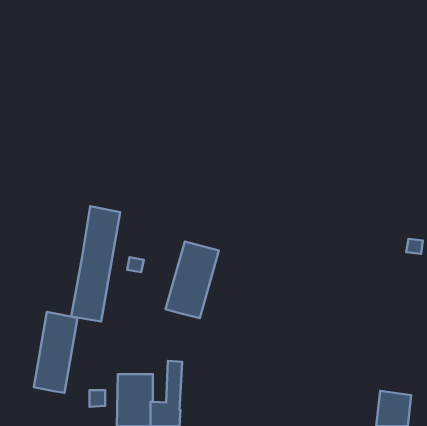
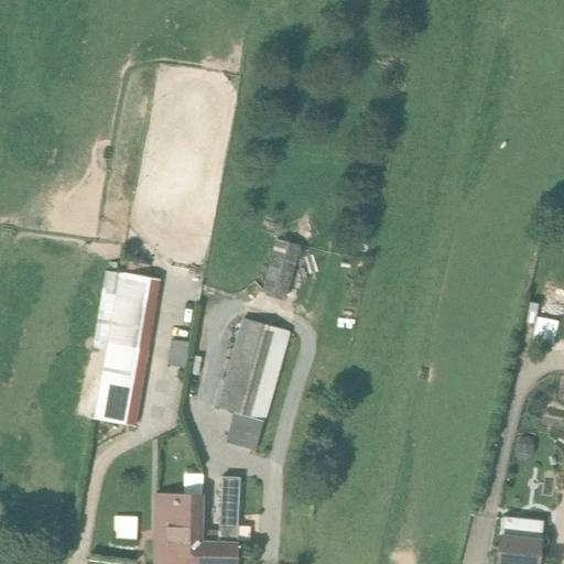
building: none -> [260,239,300,301]
building: [34,312,78,393] -> none
building: none -> [226,412,263,448]

